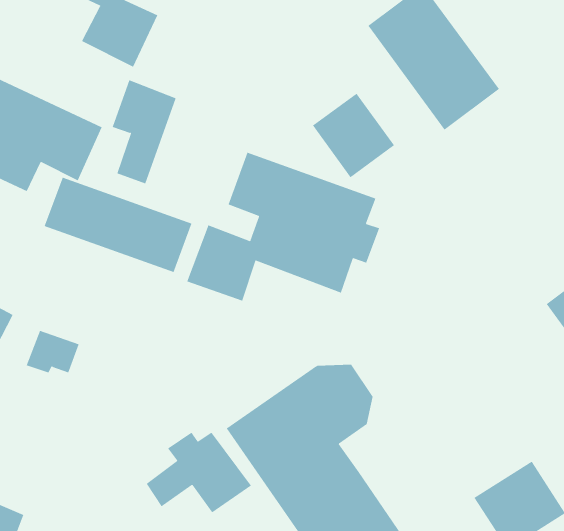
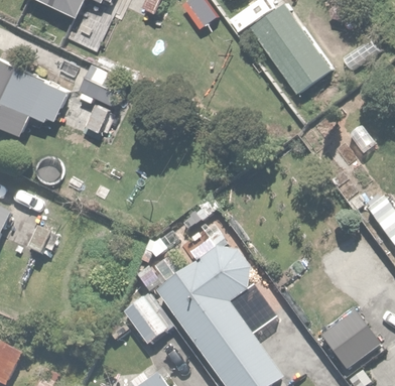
building: [312,93,395,178] -> none
building: [187,152,380,301] -> none
building: [44,177,192,273] -> none

